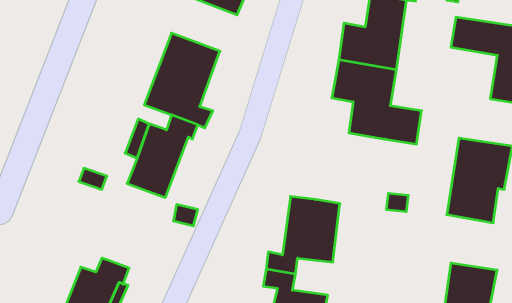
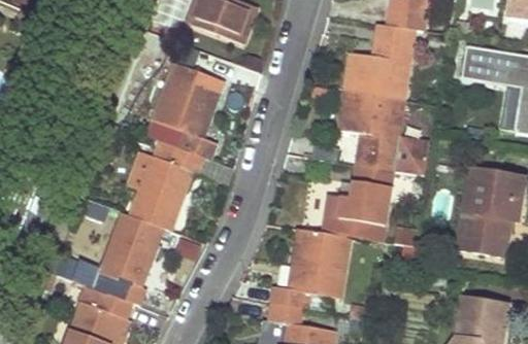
building: none -> [323,162,394,241]
building: none -> [54,212,163,305]

